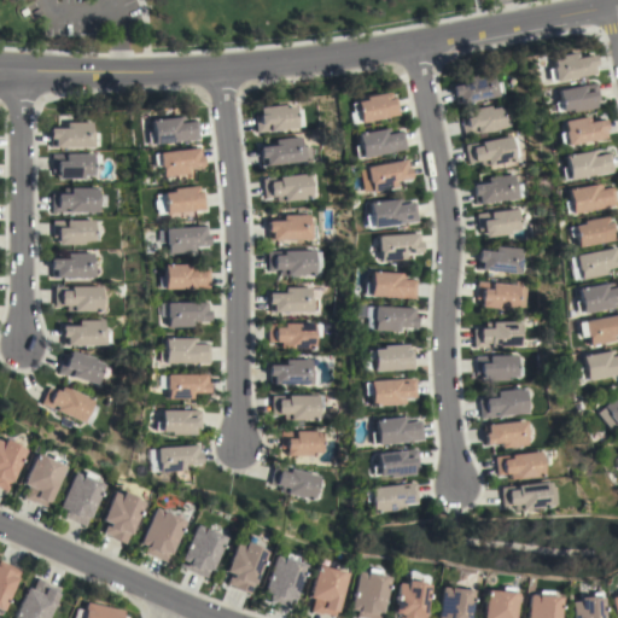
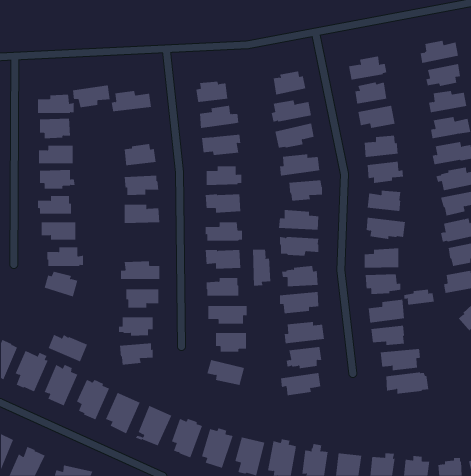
building: [157,147,206,177] -> [72,85,110,108]
building: [169,302,212,327] -> none
building: none -> [252,249,271,287]
building: none -> [404,289,435,306]
building: [46,386,98,422] -> [48,334,88,362]

